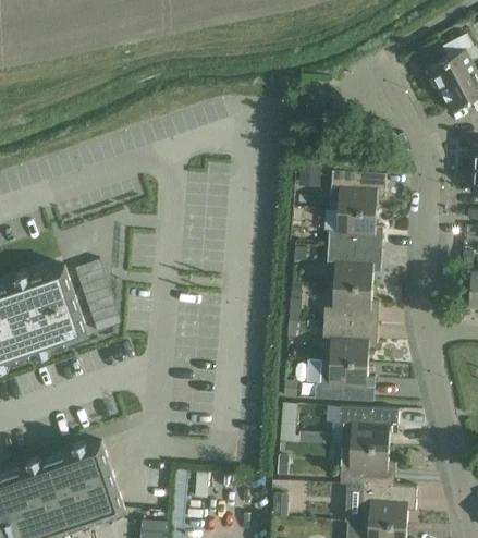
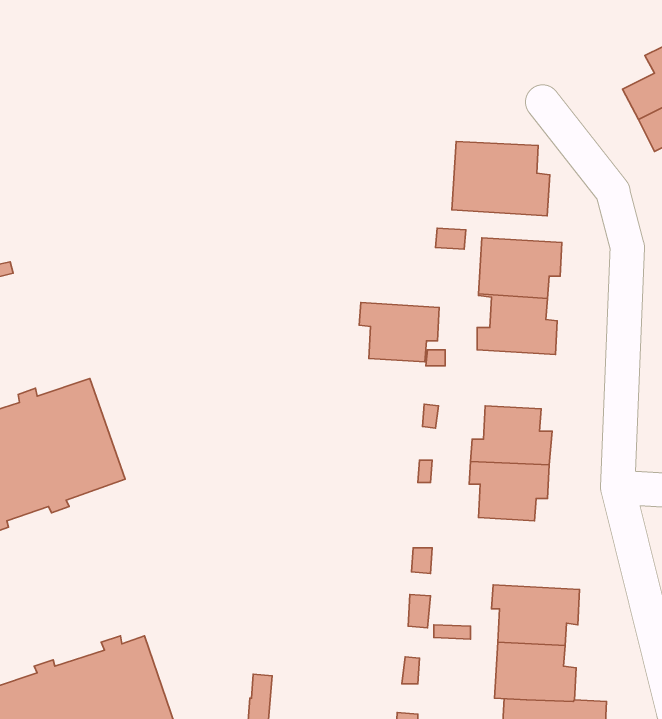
building: none -> [452,142,550,216]
building: [327,246,381,286] -> [359,303,439,362]
building: [75,259,122,331] -> none
building: [305,358,375,401] -> none

